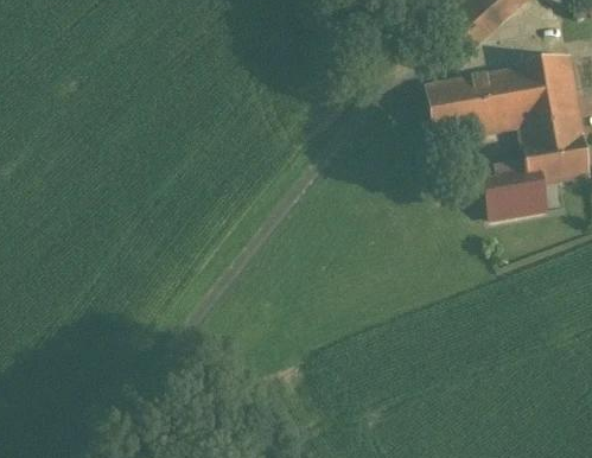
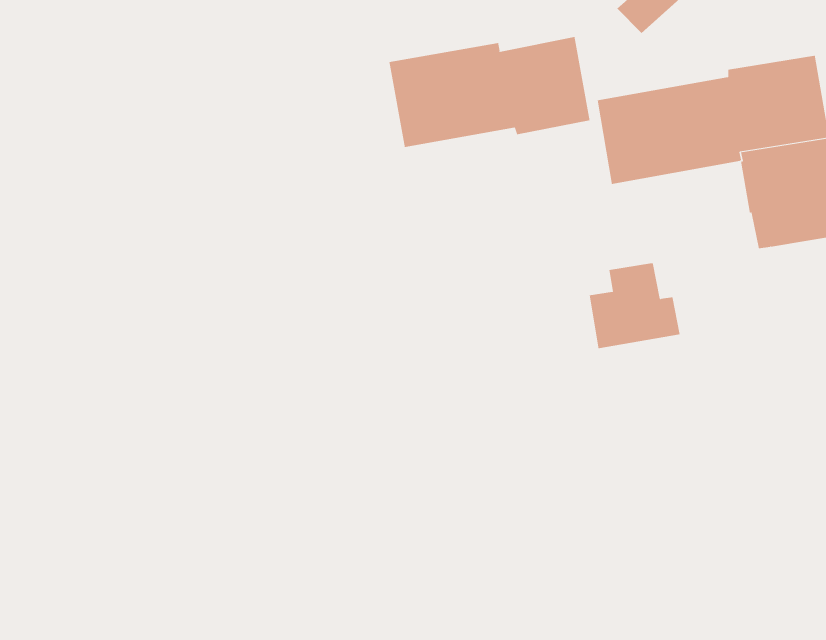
building: none -> [389,36,590,148]
building: [488,161,548,218] -> [589,263,680,349]

